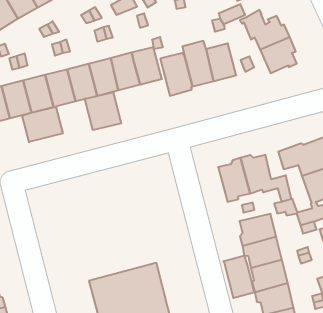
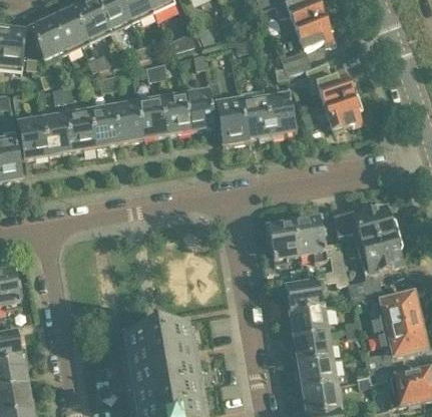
building: [85,92,121,130] -> none
building: [22,107,63,142] -> none
building: [224,255,254,298] -> none

